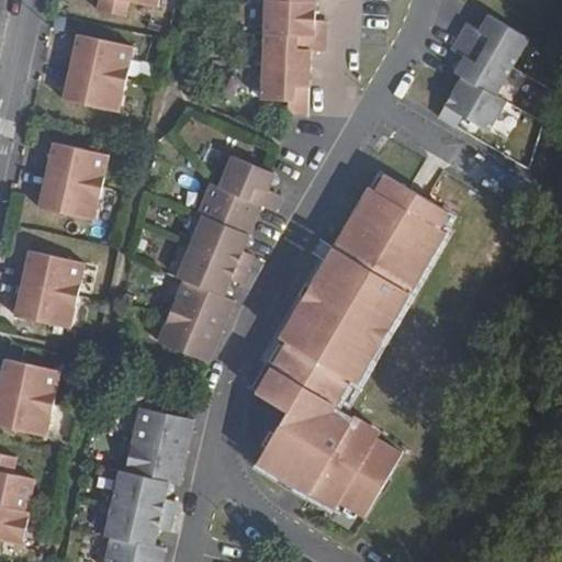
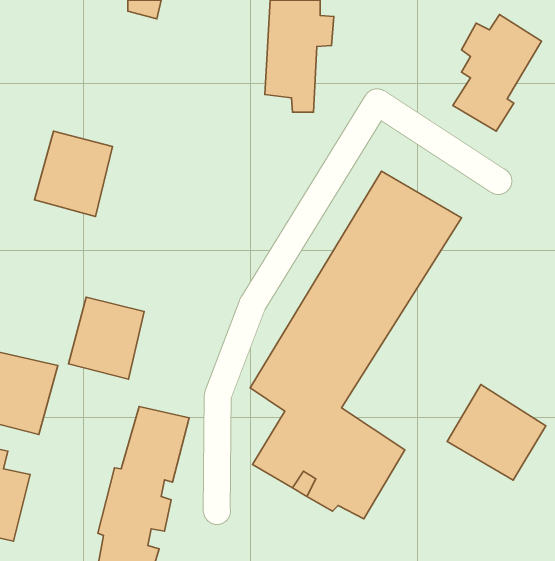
building: [61,30,136,111] -> none
building: [156,156,281,362] -> none
building: [8,246,82,327] -> [68,297,144,379]
building: none -> [447,385,546,480]

